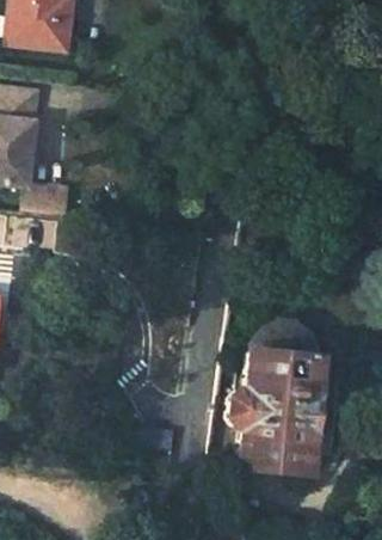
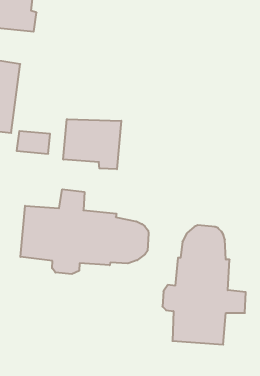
building: none -> [63,119,121,169]
building: none -> [20,189,149,274]

